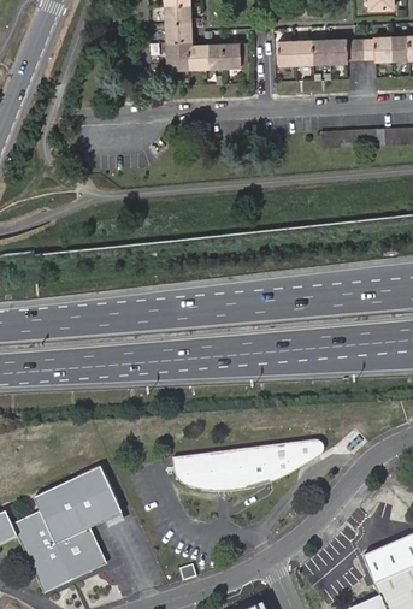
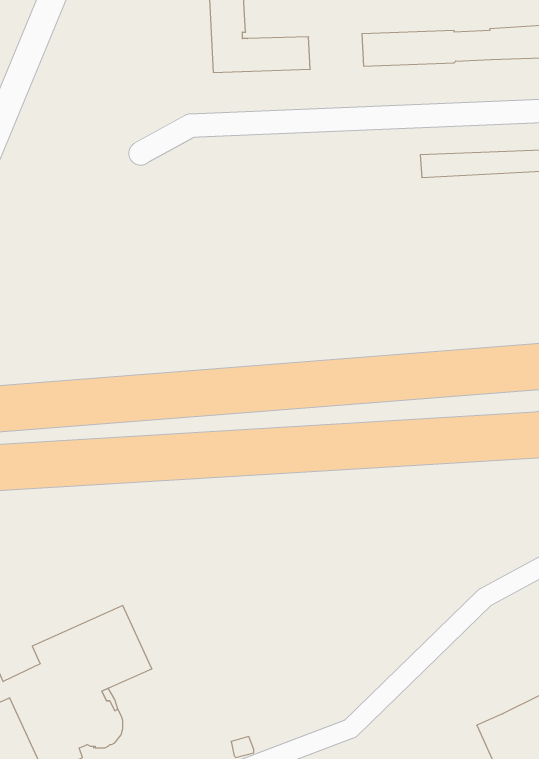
building: [172,442,323,491] -> none

